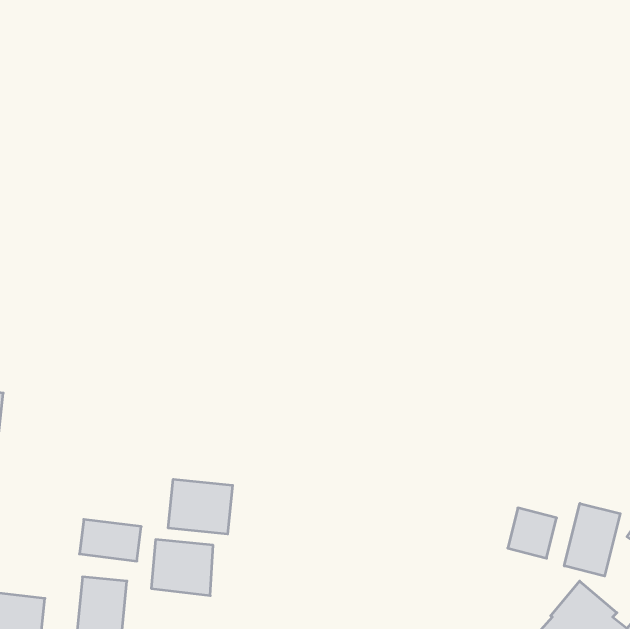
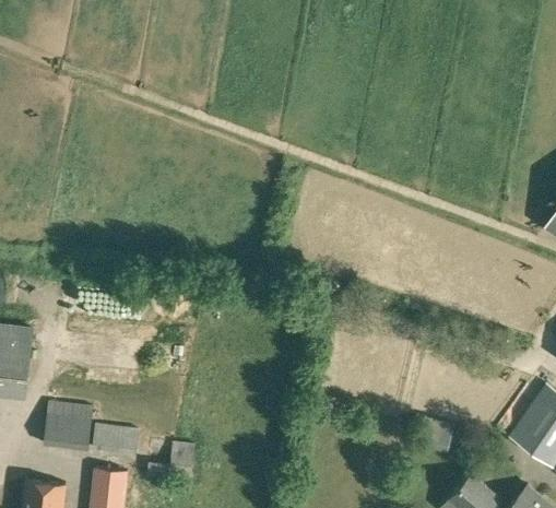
building: [168,479,233,534] -> none
building: none -> [43,401,93,451]
building: [564,503,620,576] -> none

